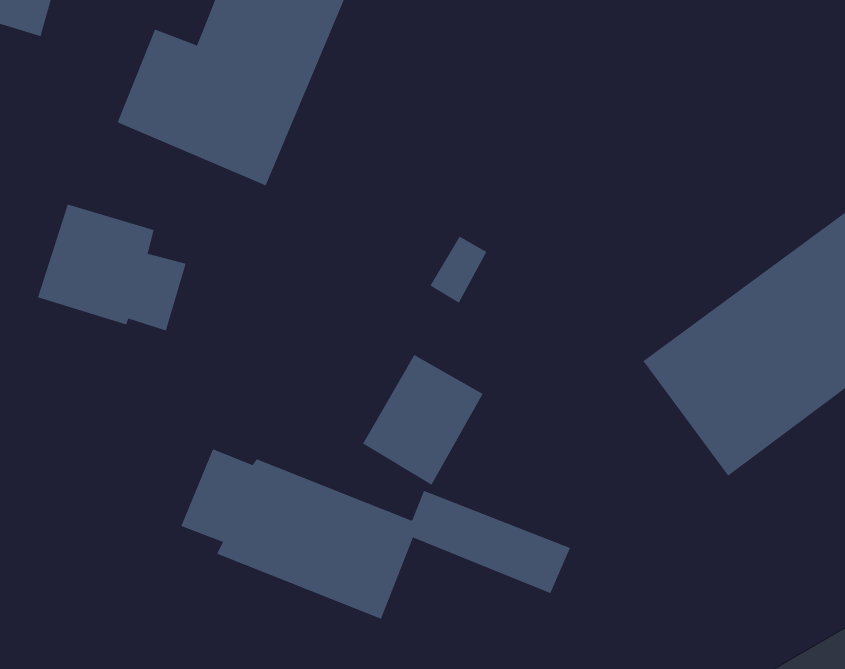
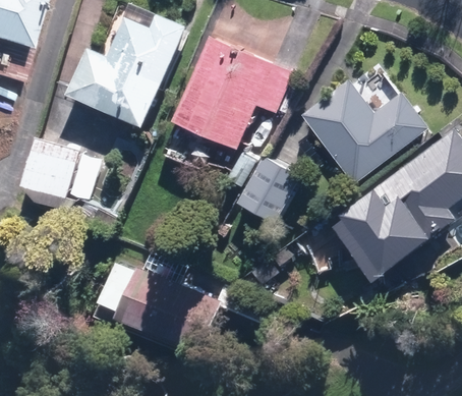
building: none -> [171,37,292,149]
building: none -> [299,79,427,184]
building: [362,354,484,485] -> [237,157,299,224]

